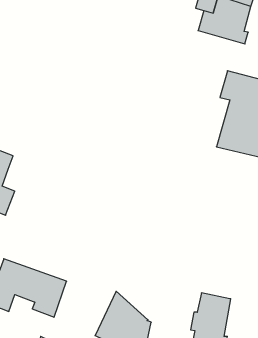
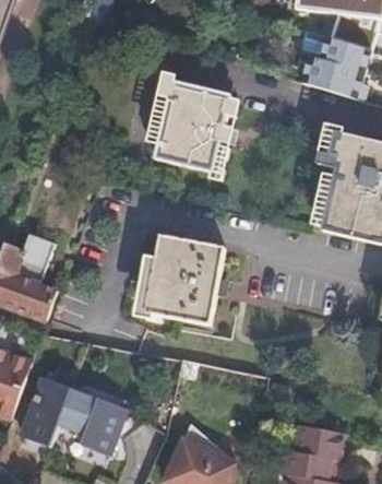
building: none -> [155,79,235,170]
building: none -> [144,237,224,326]

